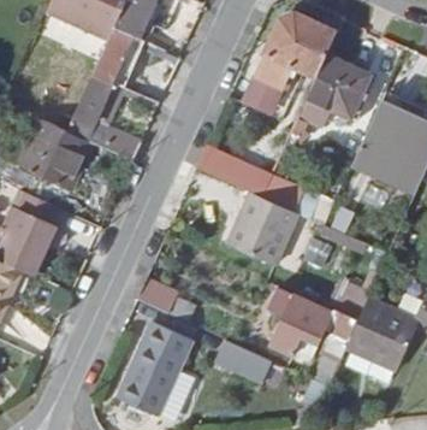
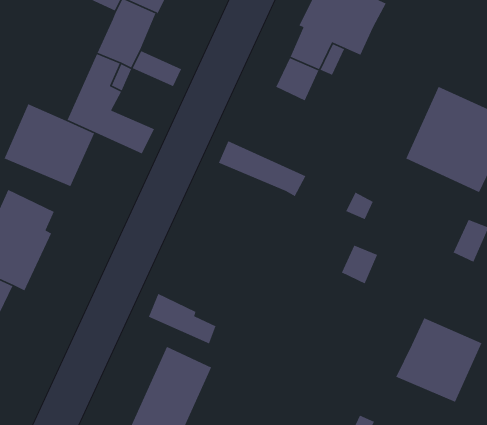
building: [297,53,369,129] -> none
building: [227,192,297,264] -> none
building: [265,283,357,373] -> none
building: [214,337,273,382] -> none

